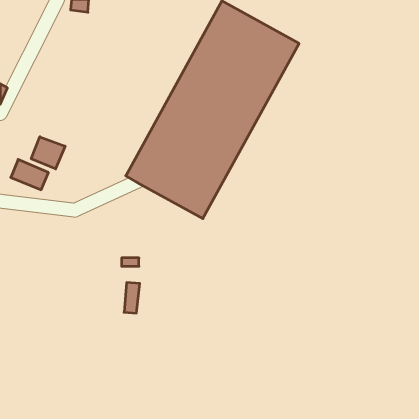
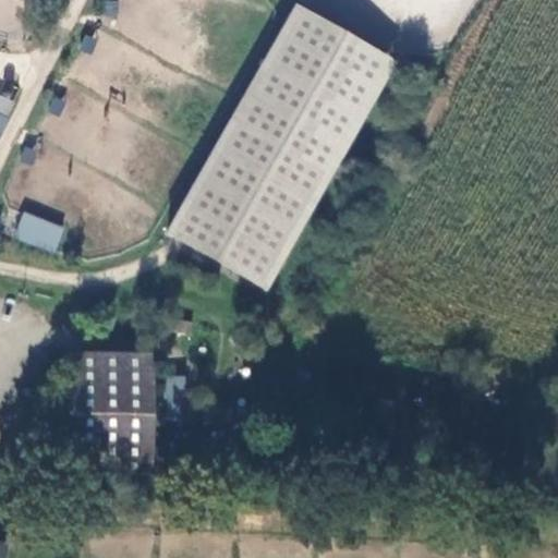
building: [31,137,65,169] -> none
building: none -> [73,352,156,472]

